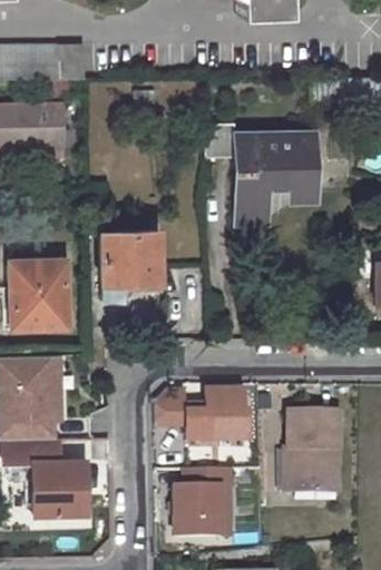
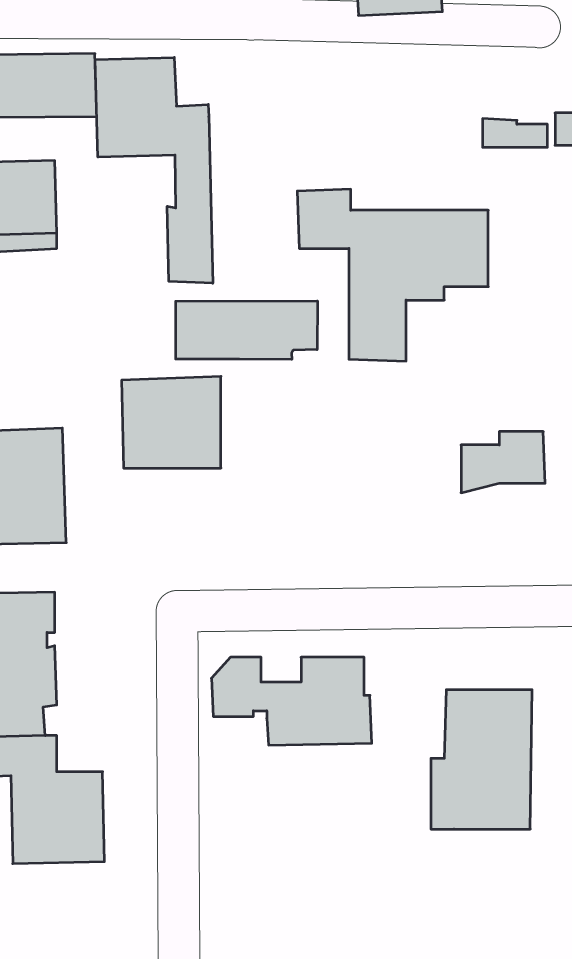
building: none -> [95,57,213,283]
building: [266,177,315,213] -> [461,432,545,493]
building: none -> [176,301,317,359]
building: [174,470,231,539] -> none

